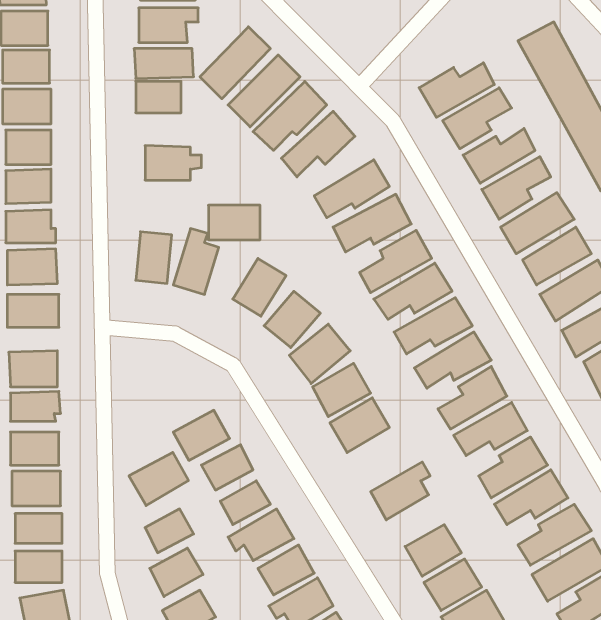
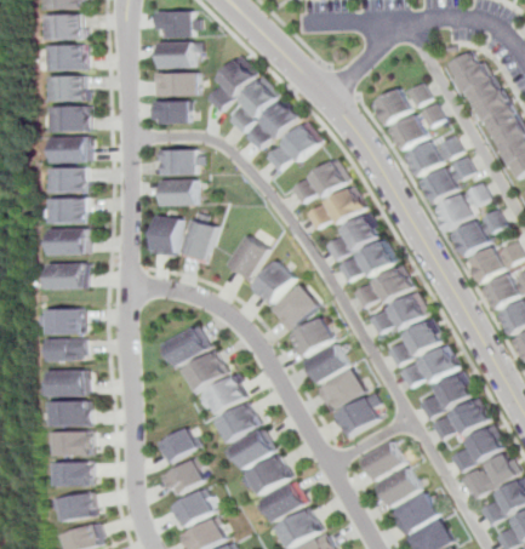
building: [208,205,260,240] -> [155,179,195,206]
building: none -> [316,368,366,412]
building: [129,452,188,506] -> [161,326,207,367]

